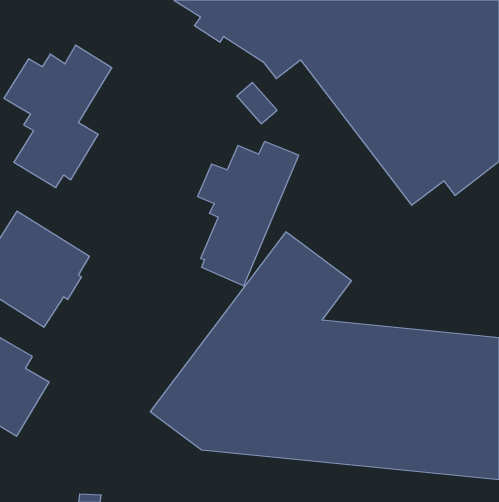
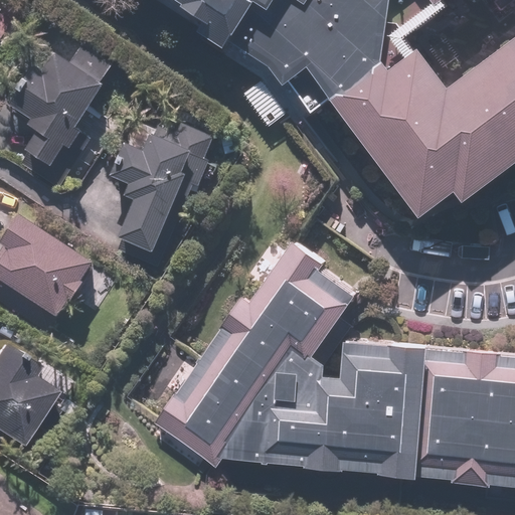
building: [198,142,299,286] -> [111,123,214,271]

